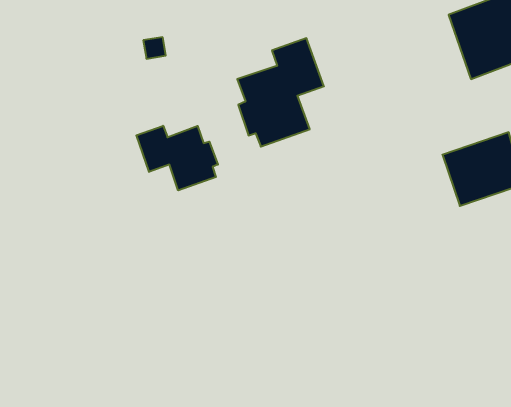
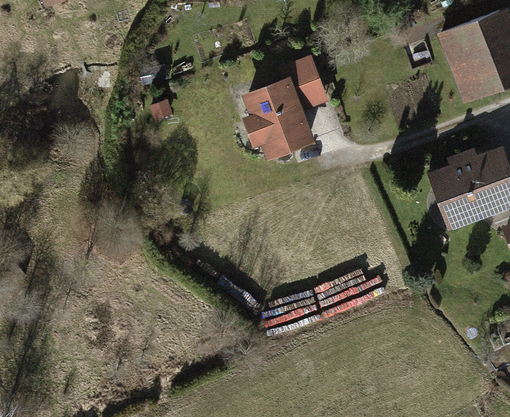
building: [136,126,218,190] -> none

